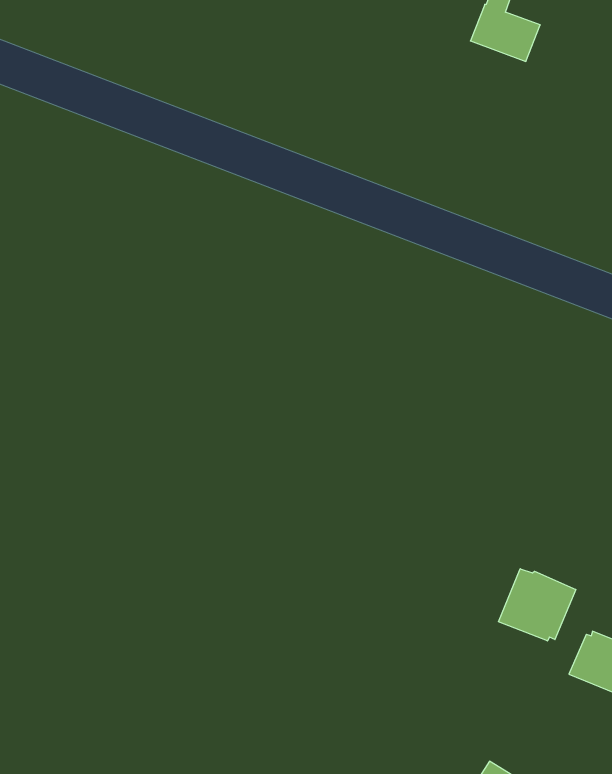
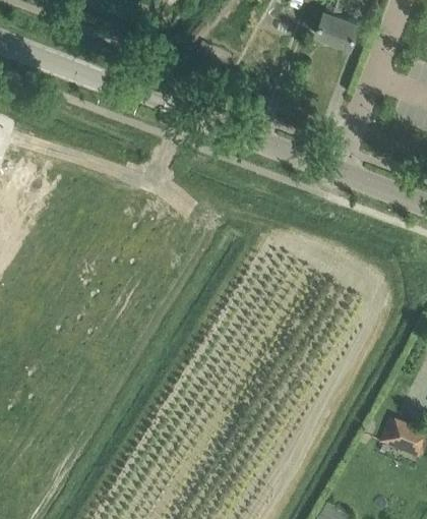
building: [498,569,576,641] -> none

